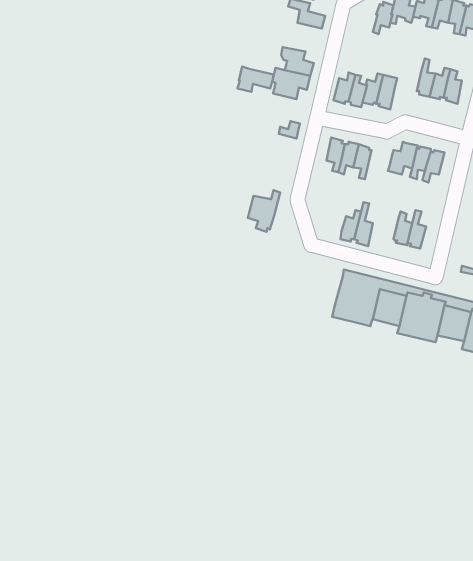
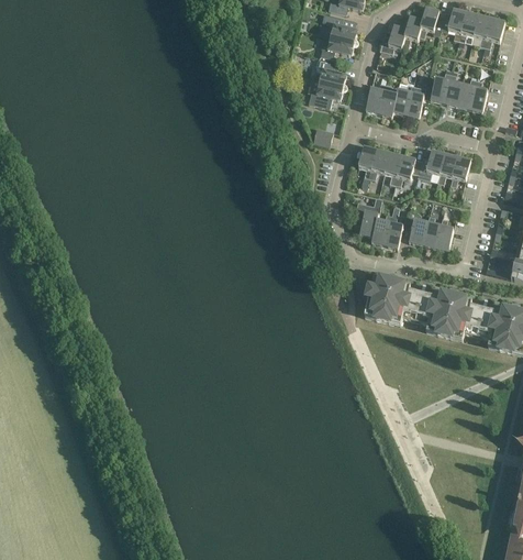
building: none -> [381,25,408,53]
building: none -> [424,68,453,101]
building: [238,66,274,92] -> [321,33,355,57]
building: none -> [396,155,422,186]
building: [248,190,280,232] -> [353,196,383,235]
building: none -> [403,210,427,244]

